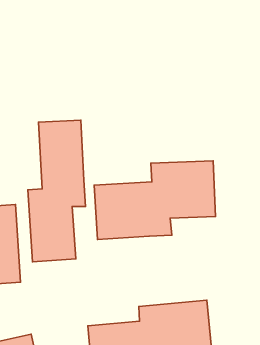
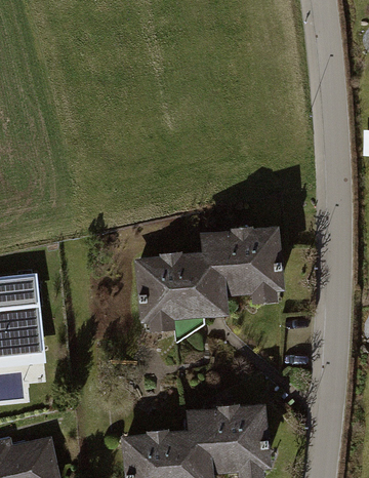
building: [28,120,86,262] -> none

